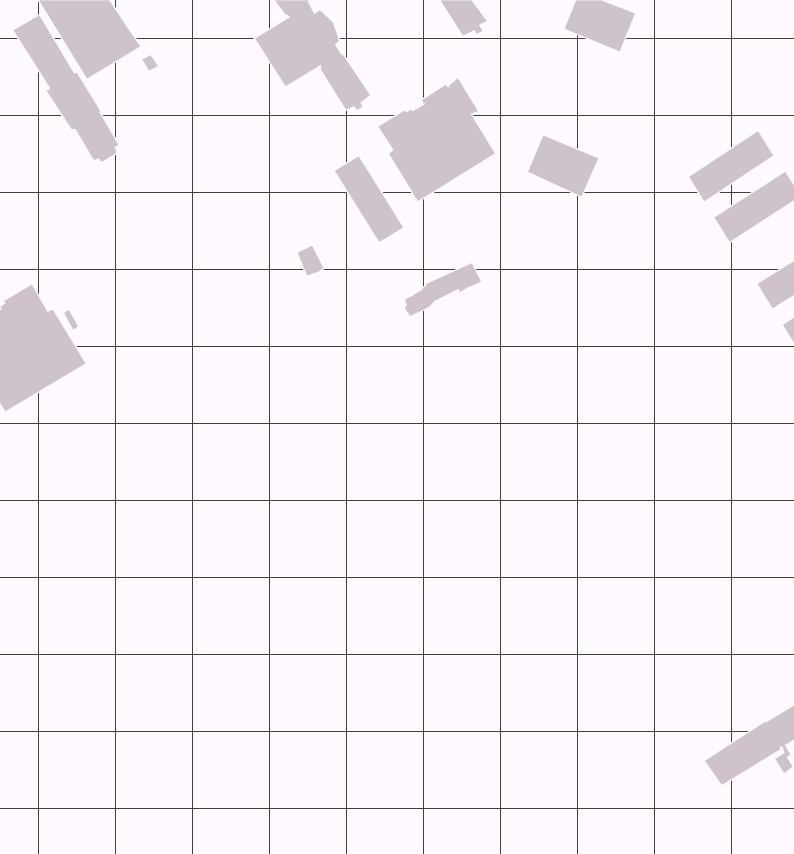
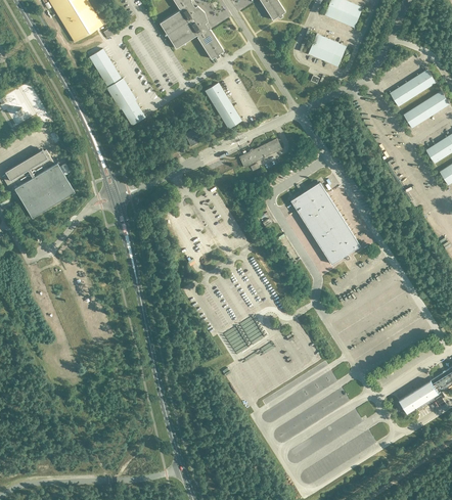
building: [12,15,120,163] -> [88,48,144,126]
building: [377,77,496,202] -> none
building: [527,135,599,197] -> [308,34,346,66]
building: none -> [290,182,360,264]

